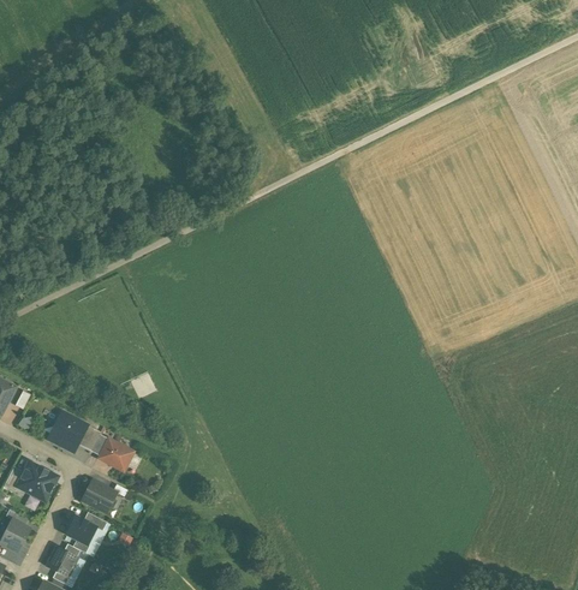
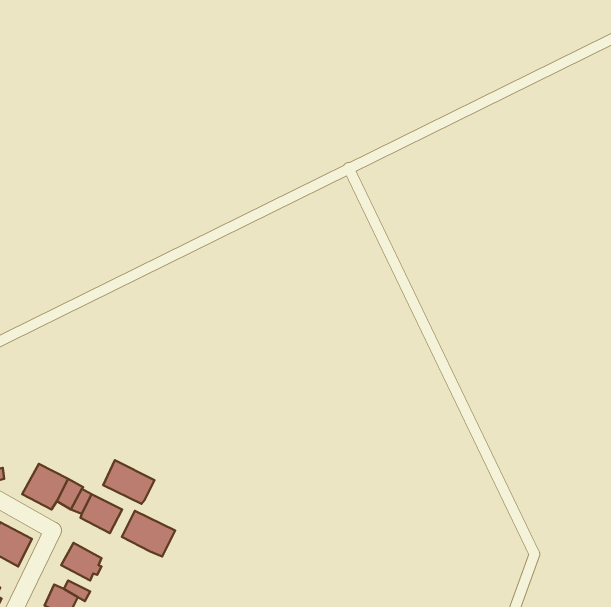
building: none -> [103,460,154,504]
building: none -> [122,511,175,556]

